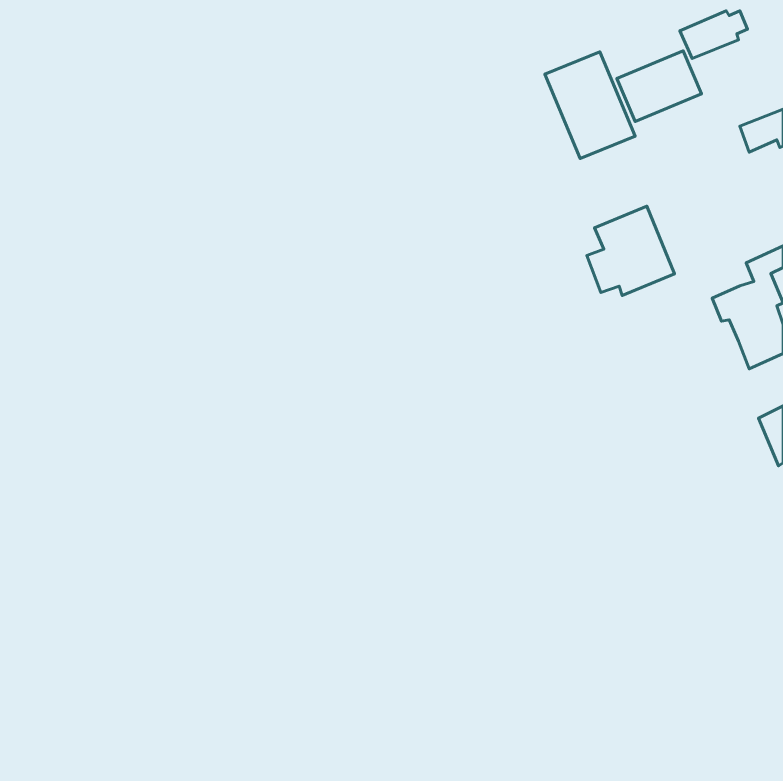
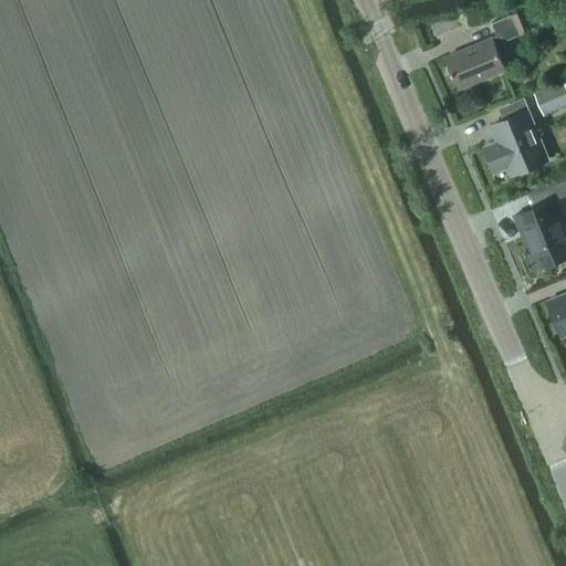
building: [545,52,635,158] -> none
building: [587,206,675,295] -> [483,113,546,177]

